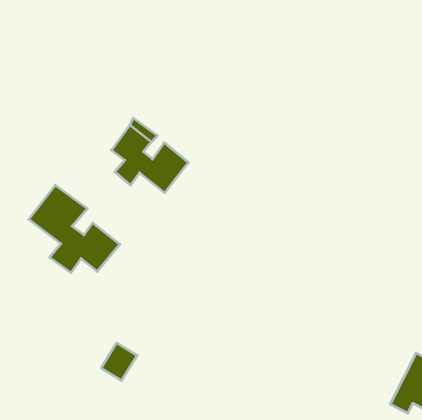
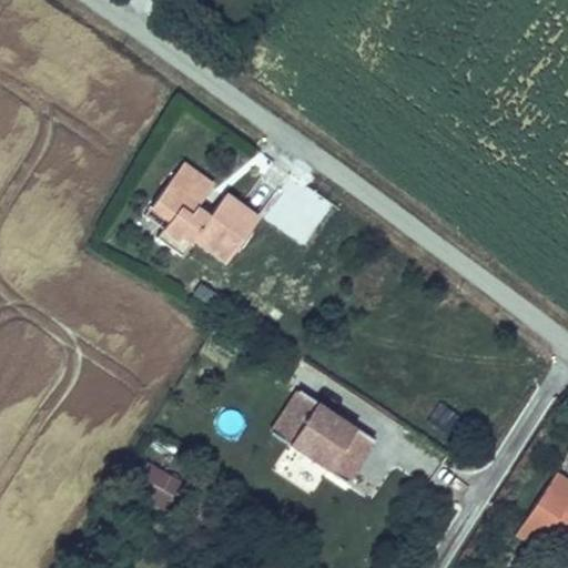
building: [29,185,120,273] -> none
building: none -> [273,394,376,485]

